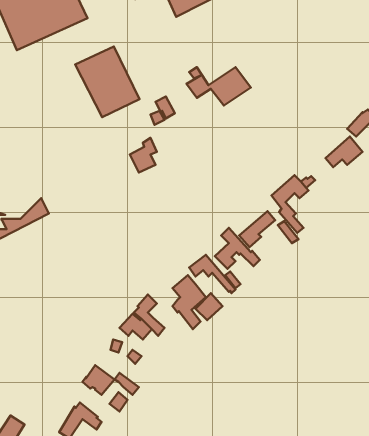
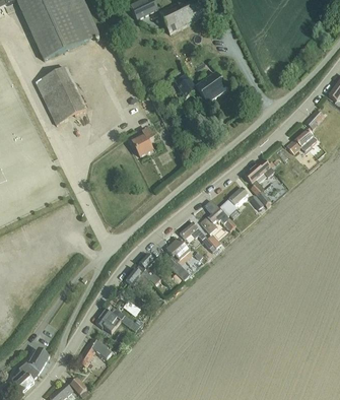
building: [75,46,140,117] -> [36,67,86,123]

